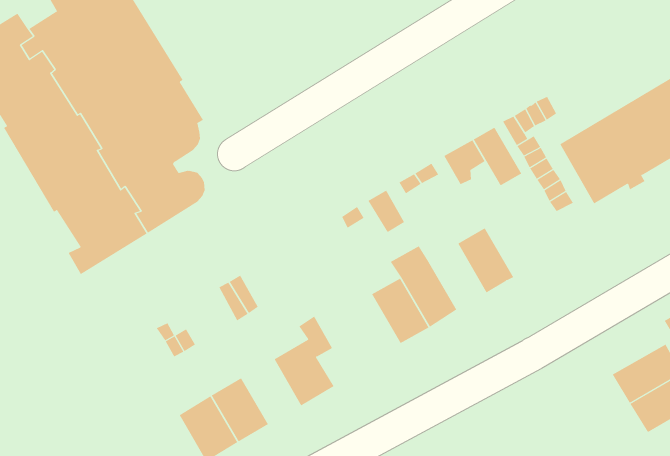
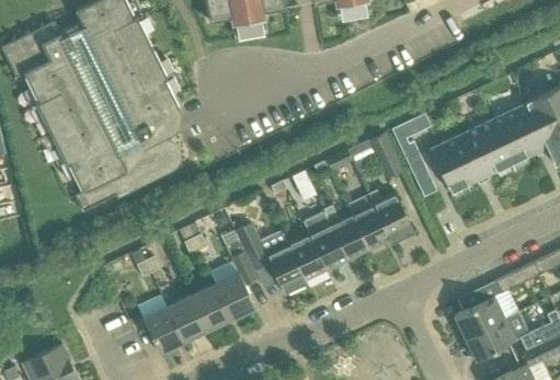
building: none -> [368,189,413,242]
building: none -> [323,205,369,260]
building: none -> [236,223,306,293]
building: none -> [190,284,230,330]

